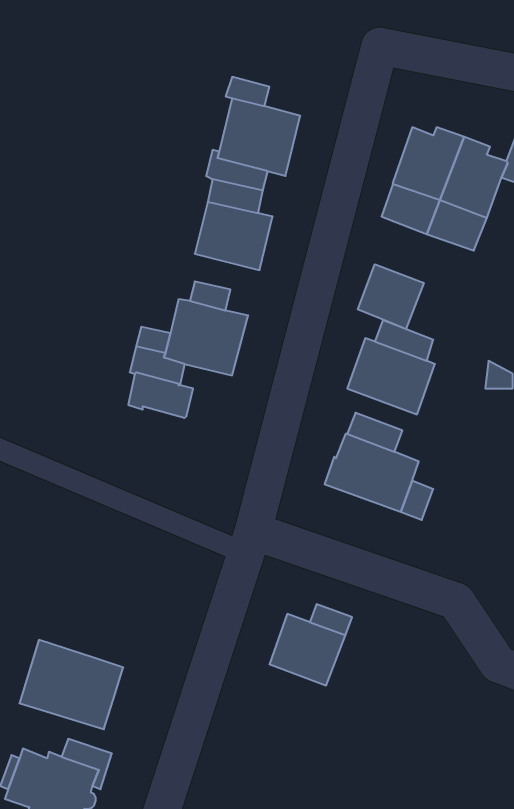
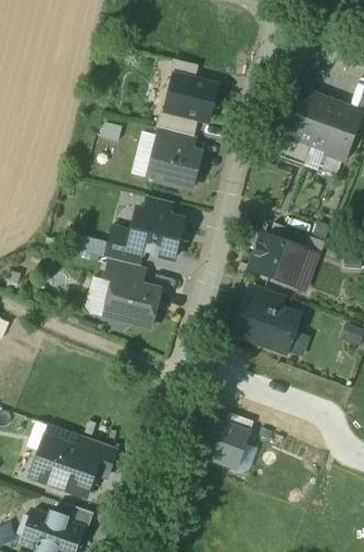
building: [358,264,424,329] -> none
building: none -> [104,279,159,328]
building: none -> [80,436,116,476]

